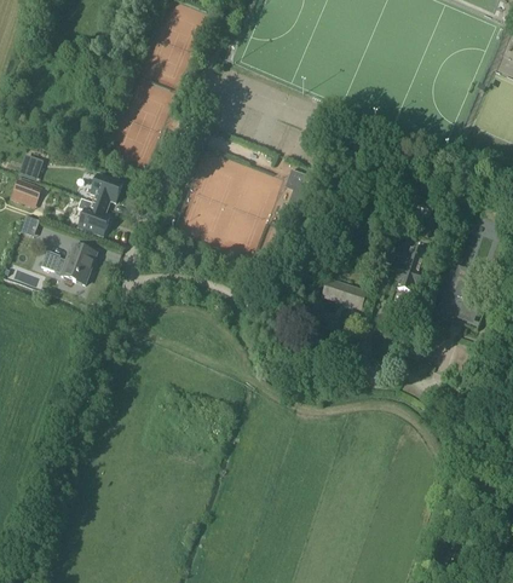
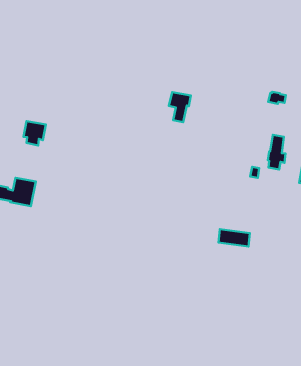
building: [77,197,110,235] -> none
building: [323,278,365,307] -> [218,229,250,247]

